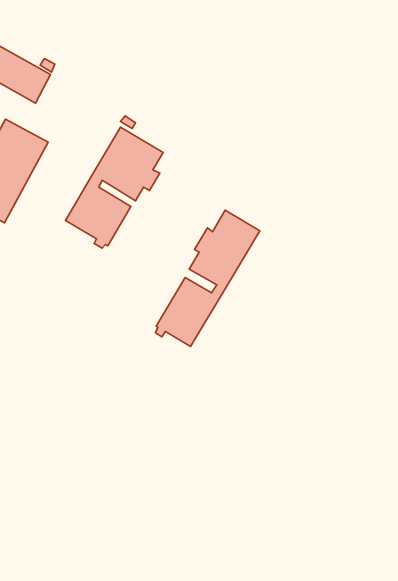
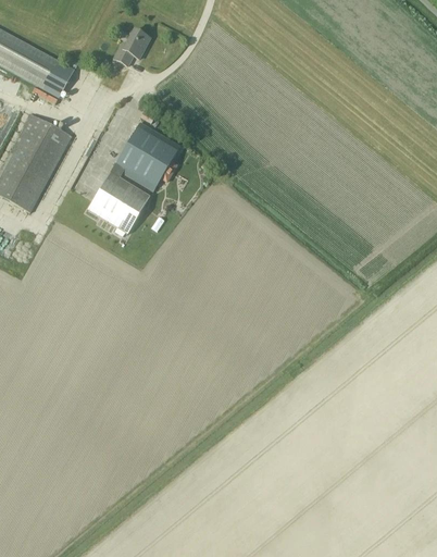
building: none -> [114,28,151,65]
building: [156,210,260,347] -> none

